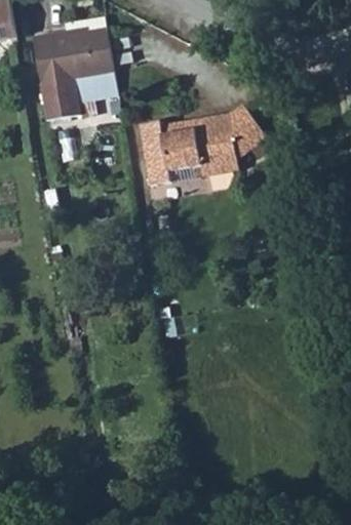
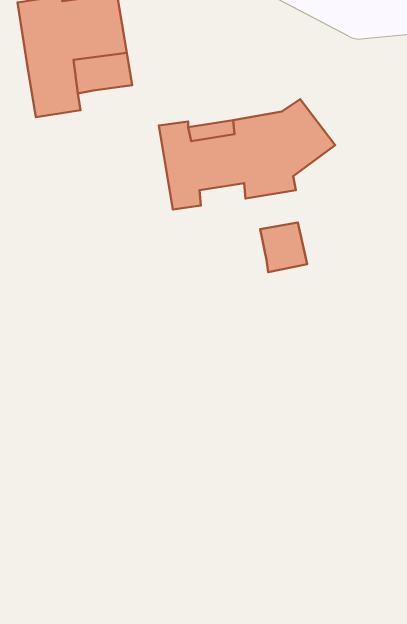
building: none -> [260,223,307,272]

